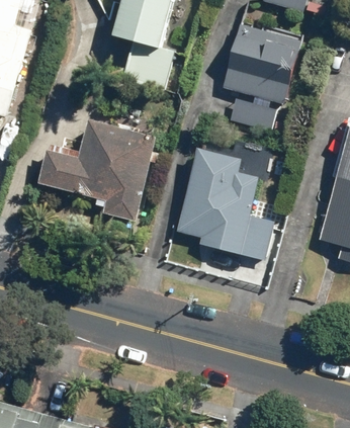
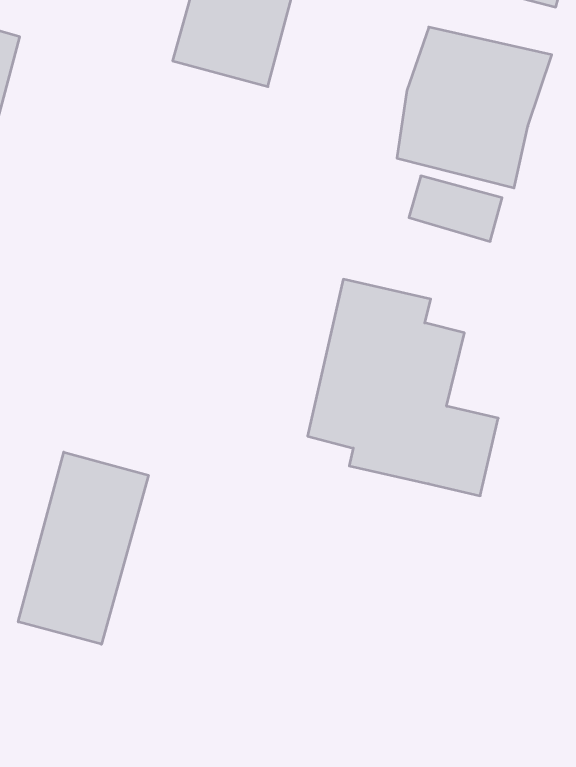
building: [37,123,156,223] -> none
building: none -> [18,452,148,644]

